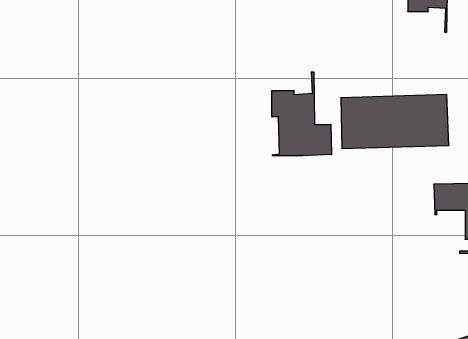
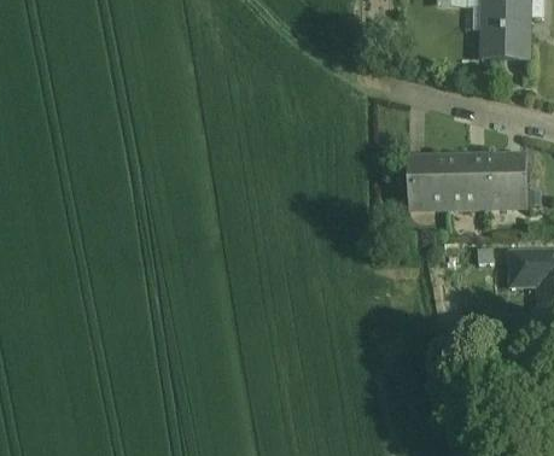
building: [272,72,332,156] -> none

